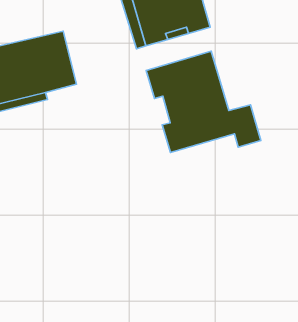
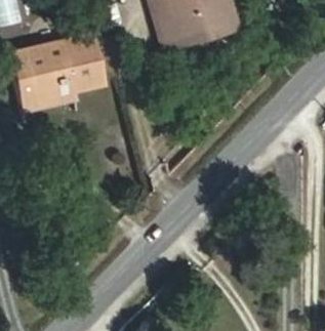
building: [146,51,261,153] -> none

